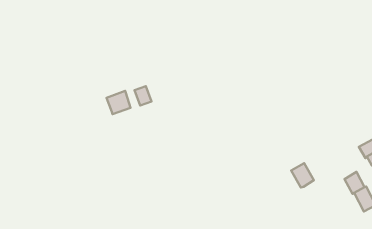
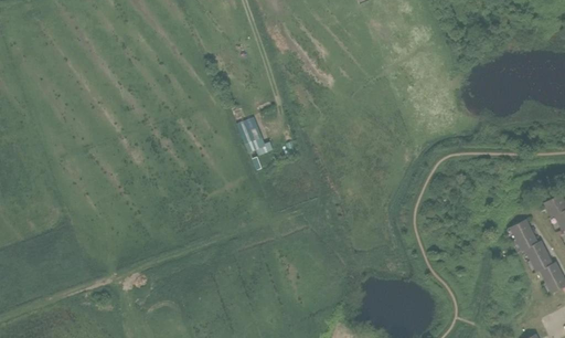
building: [107,91,131,114] -> none
building: [291,163,314,187] -> [509,218,540,251]

